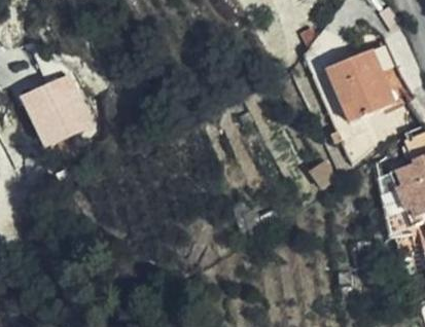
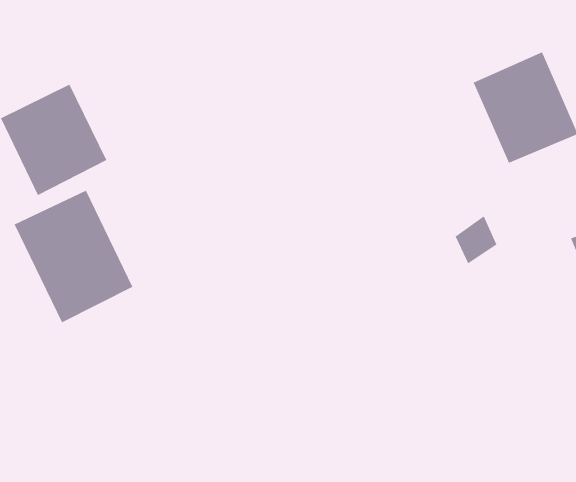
building: none -> [14,190,133,323]

